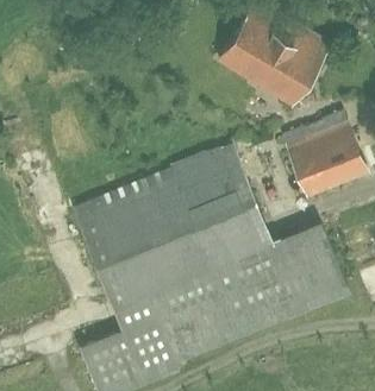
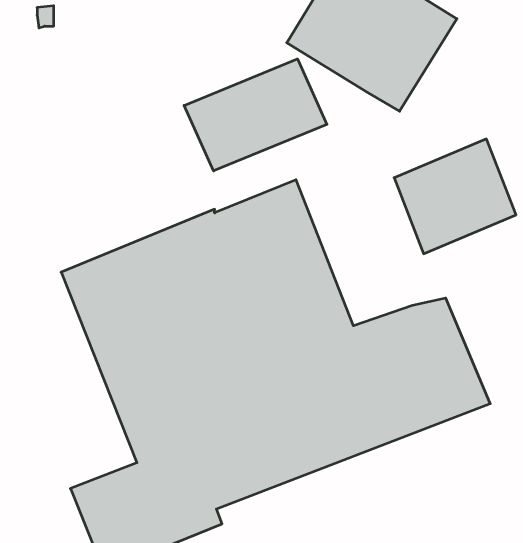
building: none -> [184,59,327,171]

